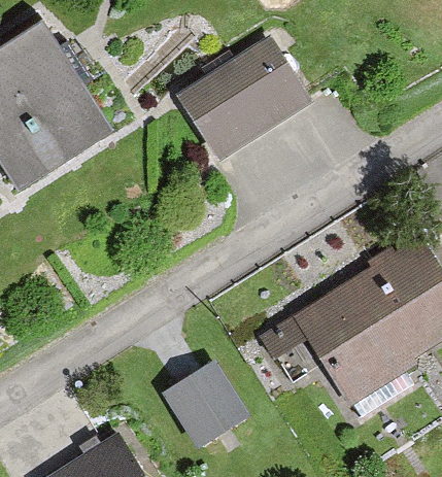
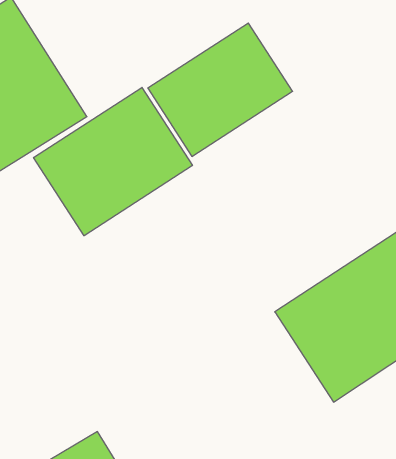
building: none -> [34,87,192,236]
building: [157,354,245,446] -> none

